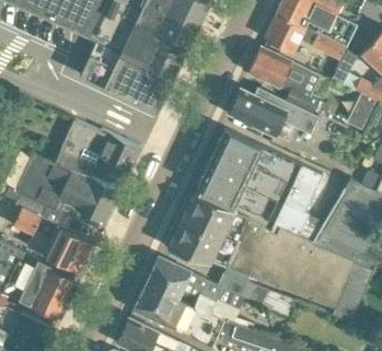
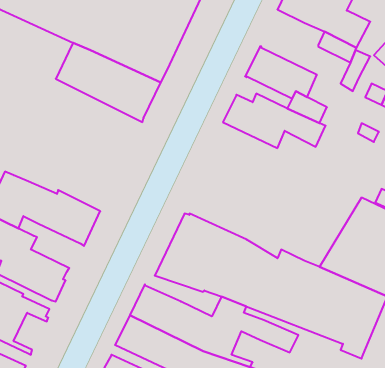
building: [264,13,317,52] -> none
building: [43,119,140,178] -> none
building: [197,128,323,235] -> none

